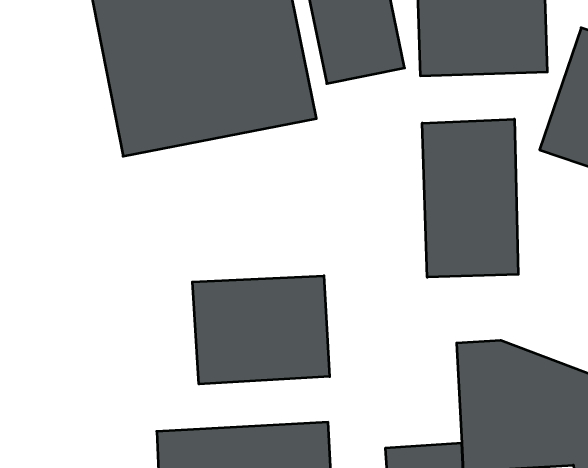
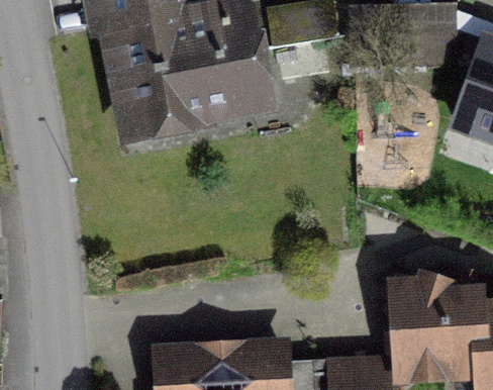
building: [422,119,518,277] -> none
building: [192,276,330,384] -> none

